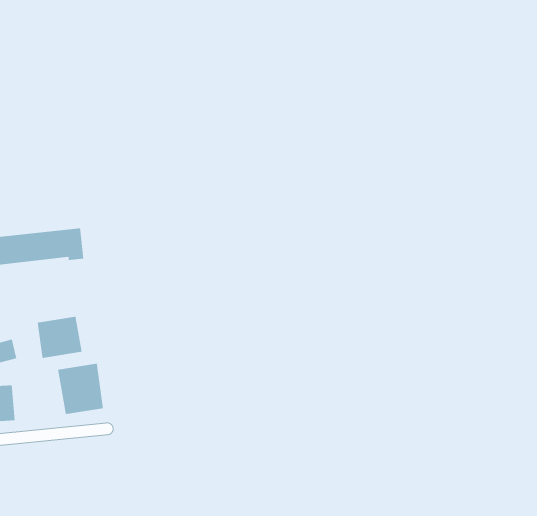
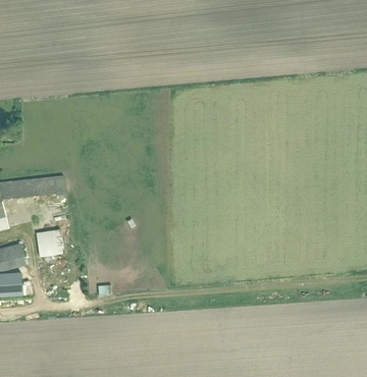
building: [57,363,104,415] -> none

